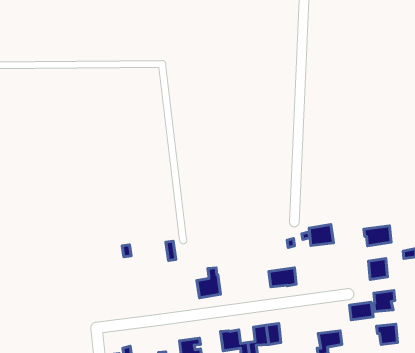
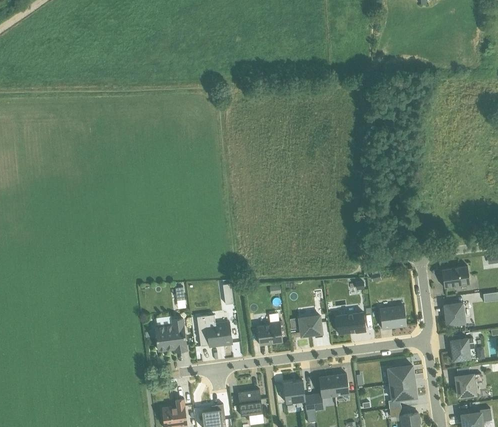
building: [309,224,334,245] -> [379,305,406,328]
building: none -> [196,314,232,347]
building: none -> [298,314,322,337]
building: none -> [154,315,186,352]
building: [349,302,373,320] -> [387,365,413,384]

